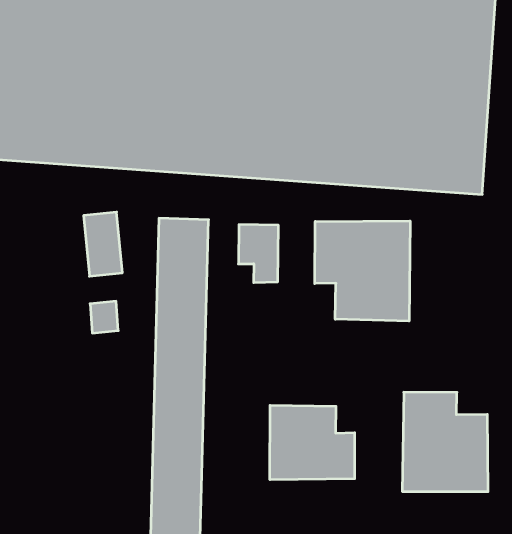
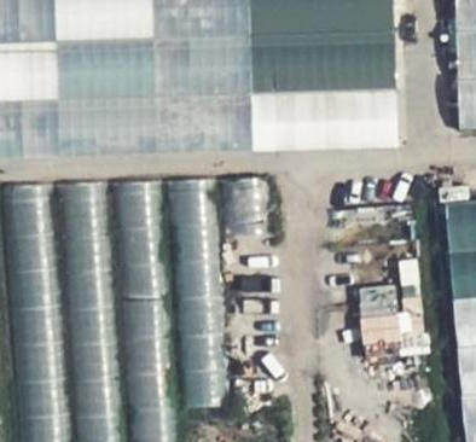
building: [315,221,410,321] -> none
building: [270,405,355,480] -> none

